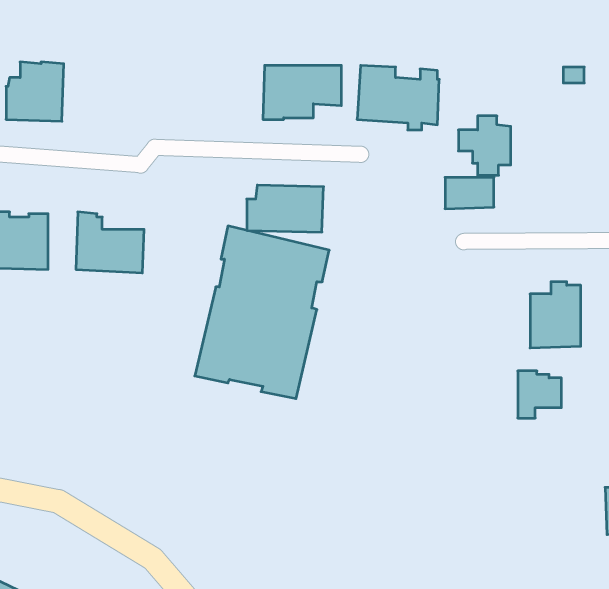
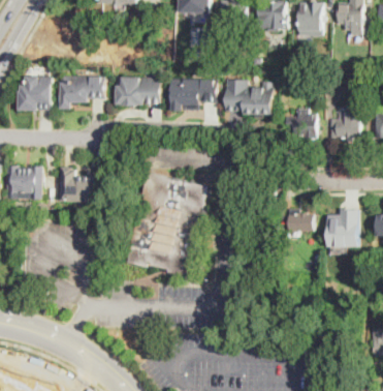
building: none -> [58,76,104,109]
building: [445,177,494,209] -> [329,120,358,139]
building: [247,185,324,232] -> [115,77,160,104]
building: [518,371,561,418] -> [287,210,313,238]

